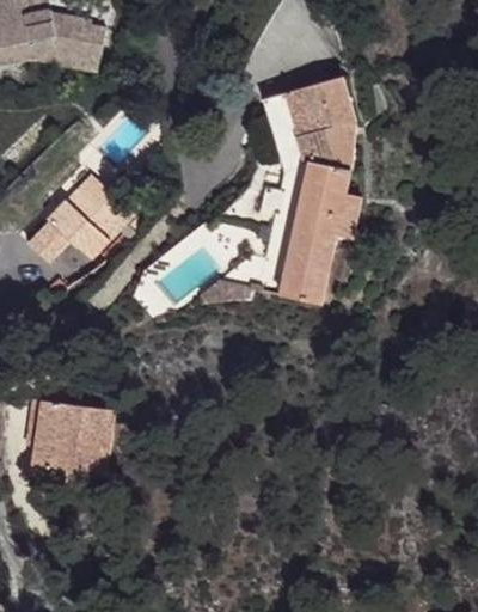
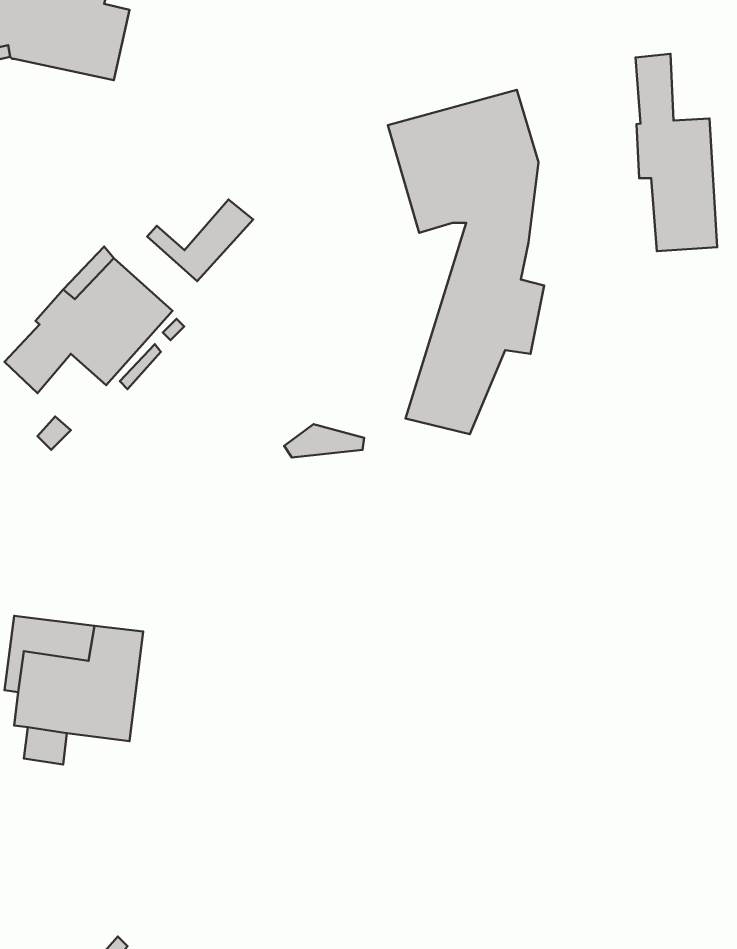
building: none -> [636,54,717,251]
building: none -> [147,199,253,281]

